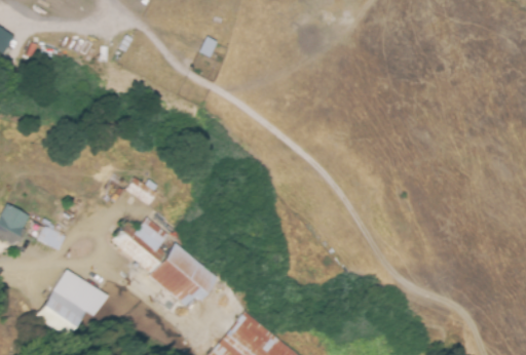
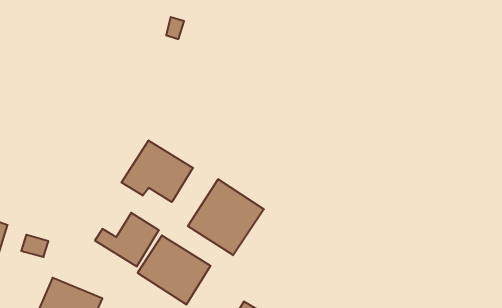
building: none -> [122,140,193,202]
building: none -> [188,179,264,255]

